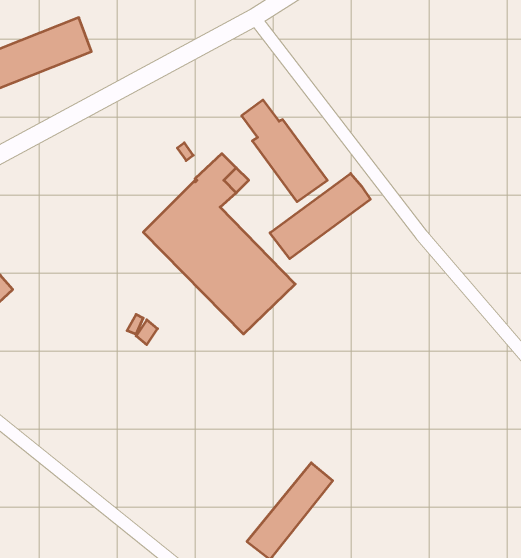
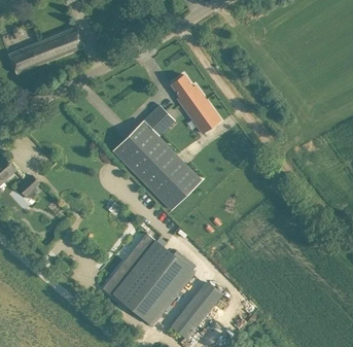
building: [270,173,370,259] -> none
building: none -> [104,233,193,324]

